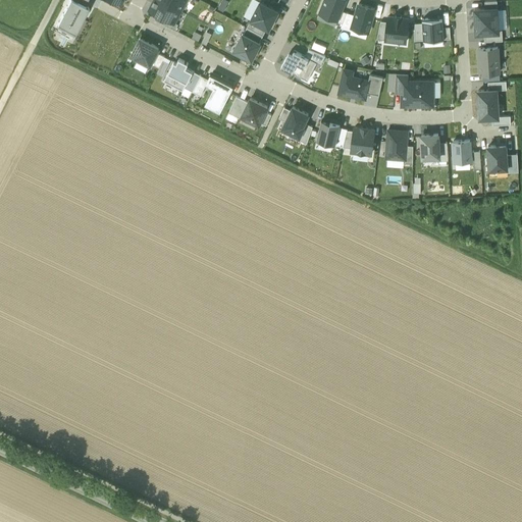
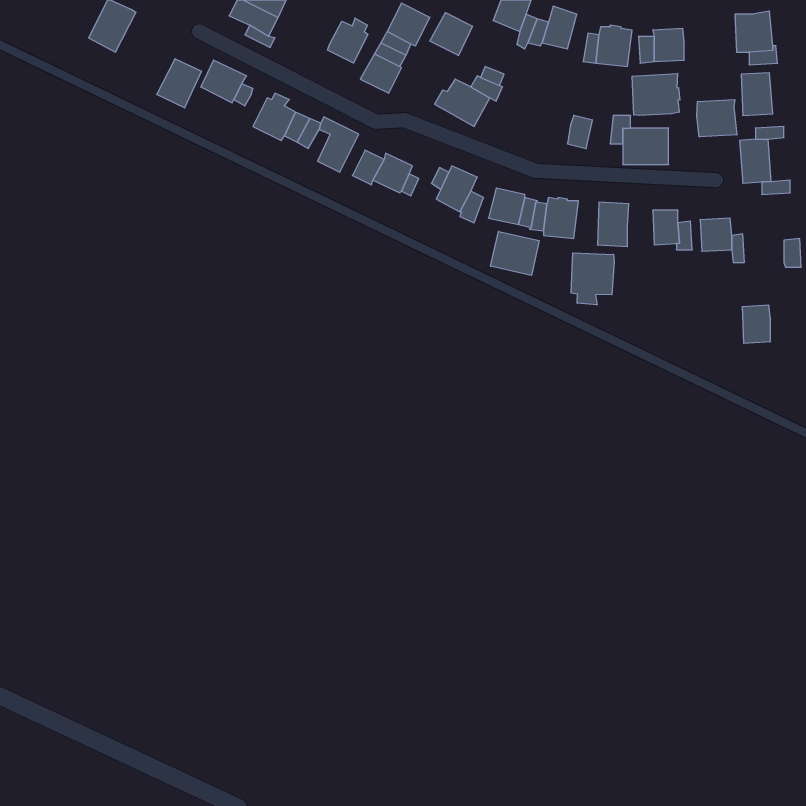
building: none -> [430,13,472,56]
building: none -> [328,18,368,63]
building: none -> [157,59,201,108]
building: none -> [632,73,680,115]
building: none -> [697,100,737,137]
building: [337,70,368,100] -> none
building: [487,147,506,171] -> [742,305,771,343]
building: none -> [491,231,539,275]
building: none -> [571,253,614,305]

